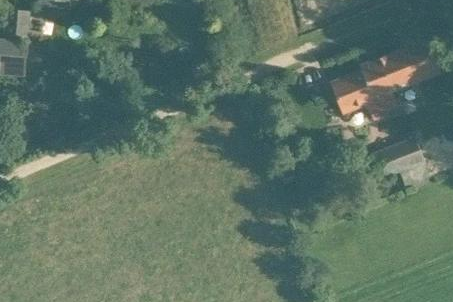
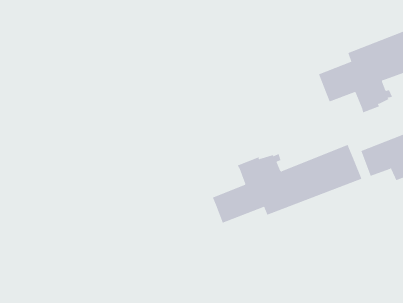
building: none -> [212,144,362,223]

